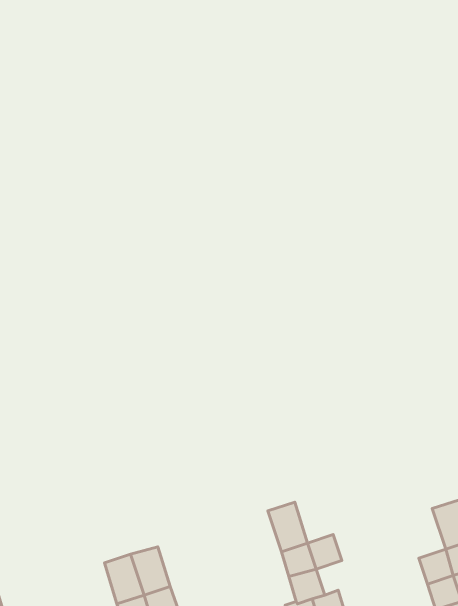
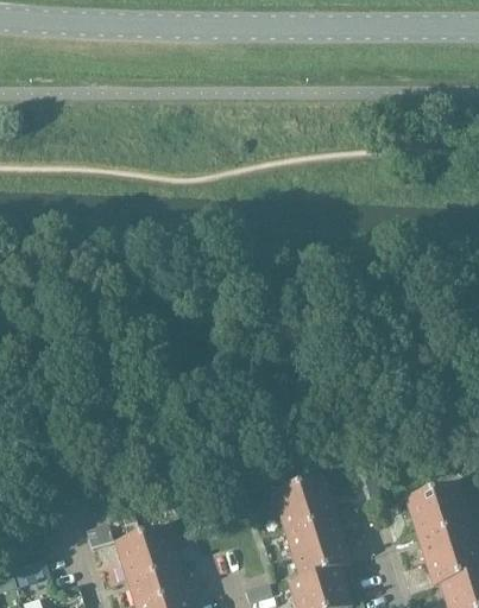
building: none -> [296,479,333,526]
building: none -> [403,493,441,540]
building: none -> [316,543,349,576]

